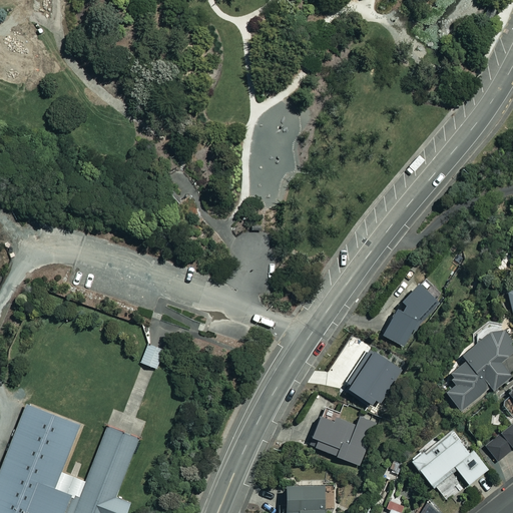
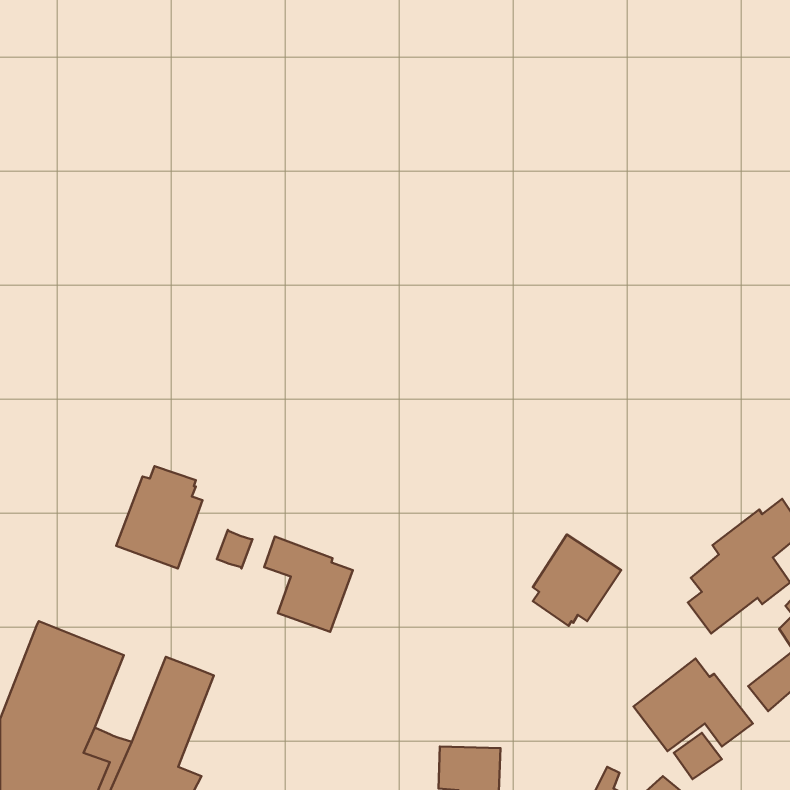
building: [382,278,443,347] -> none
building: none -> [116,466,203,568]
building: none -> [264,537,353,632]
building: [311,414,378,466] -> none

